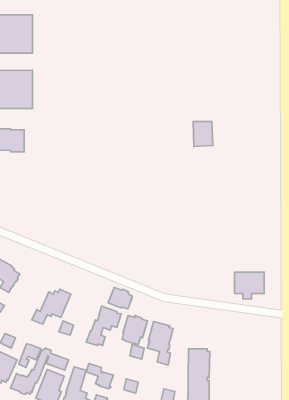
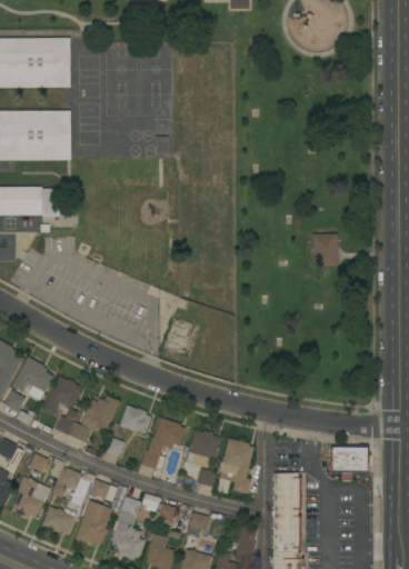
building: [193,122,213,146] -> [313,234,339,267]
building: [234,272,264,299] -> [331,446,370,480]
building: none -> [43,376,83,436]
building: [108,287,132,309] -> [120,406,151,433]

